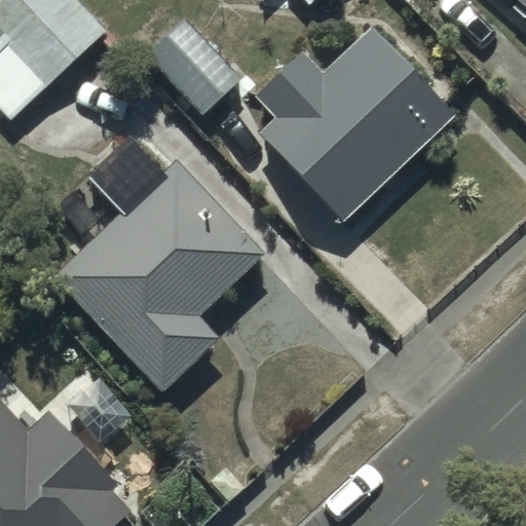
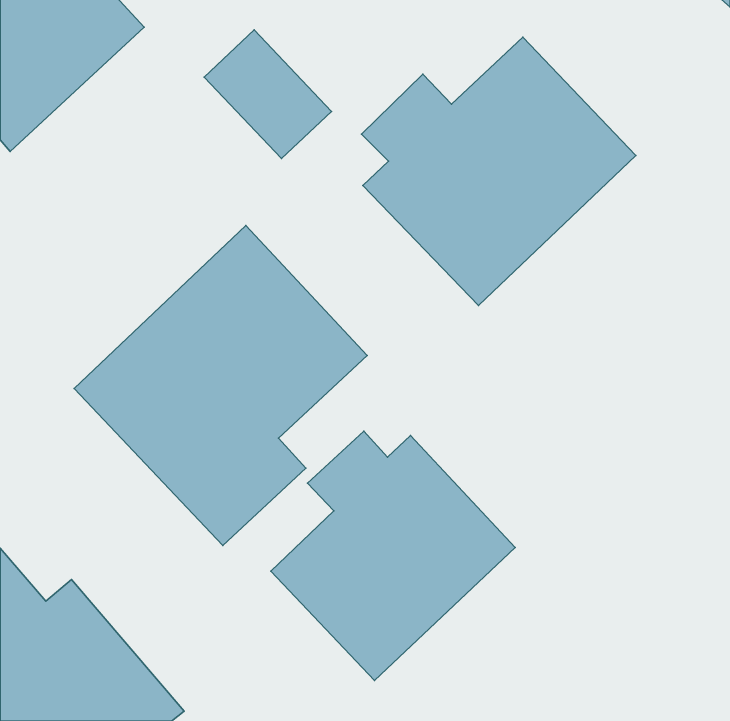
building: none -> [271,431,515,681]

